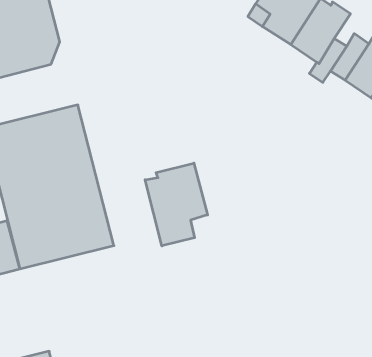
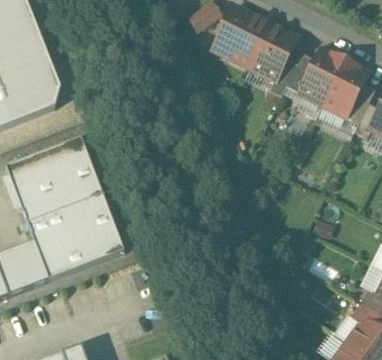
building: [145,163,208,246] -> none

